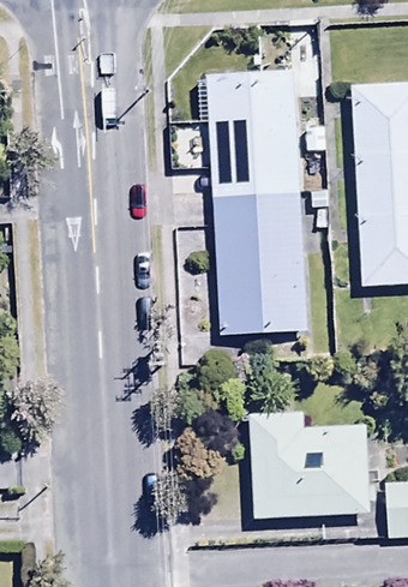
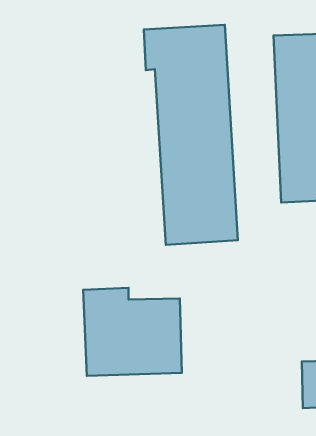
building: [251,411,371,517] -> [83,288,182,376]

